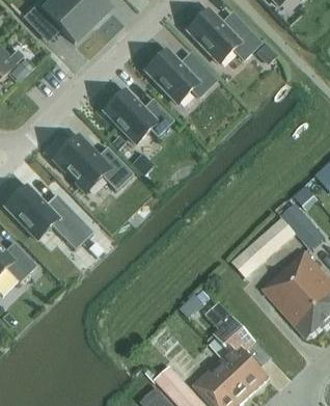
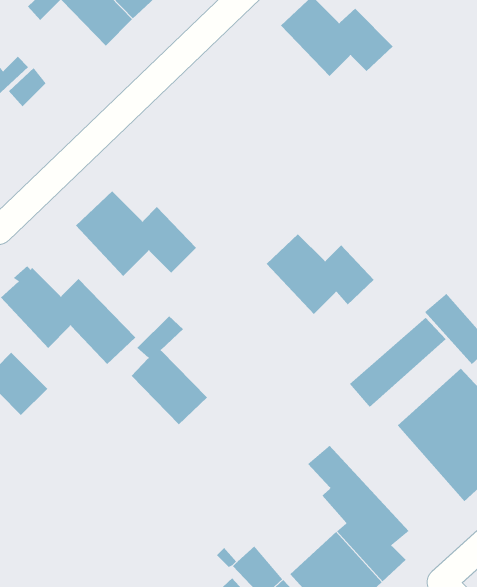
building: [144,48,216,103] -> none
building: [104,90,174,143] -> [266,233,375,315]
building: none -> [131,315,208,425]

